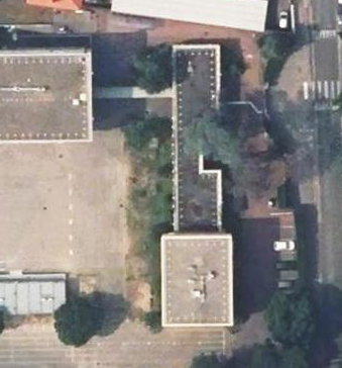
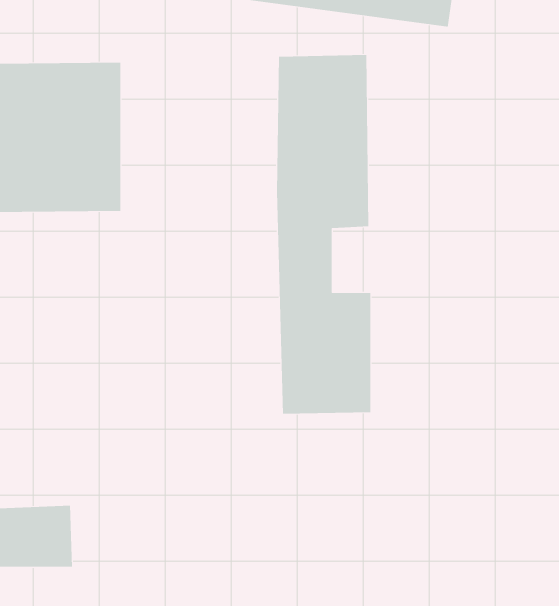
building: [167,234,226,316] -> none

